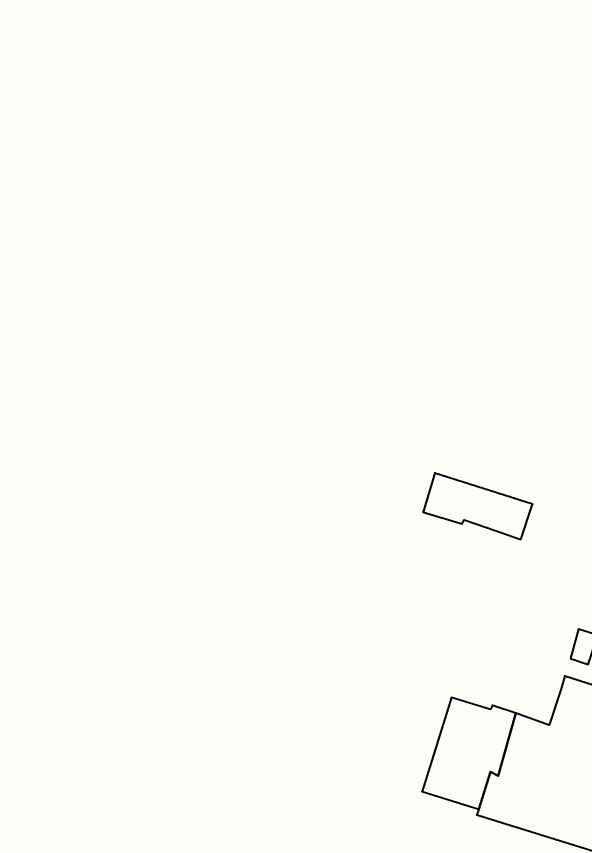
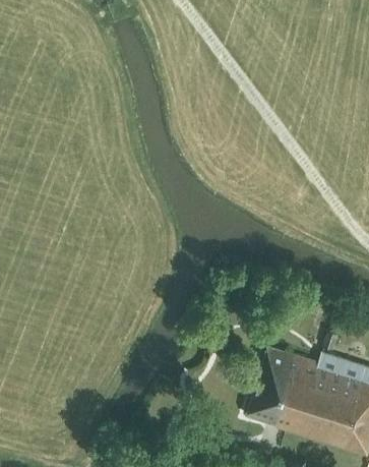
building: [423,473,533,539] -> [263,344,320,378]

